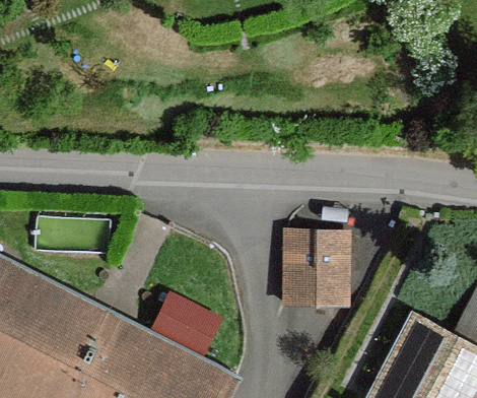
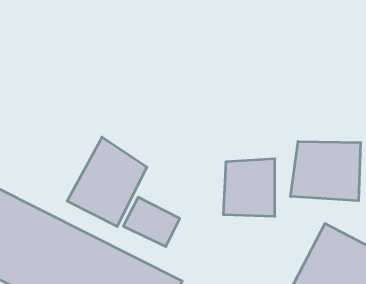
building: none -> [67,137,147,227]
building: none -> [291,141,360,201]

